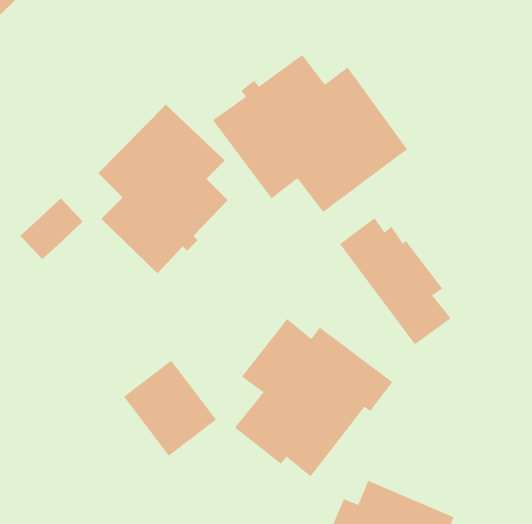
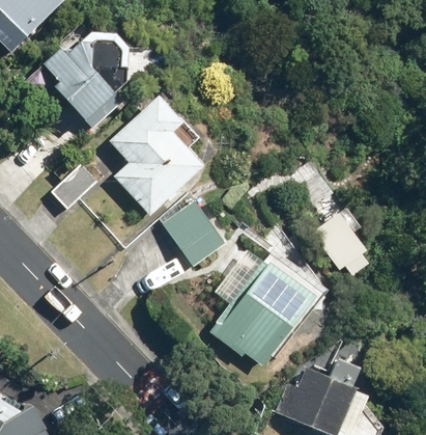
building: none -> [41,34,152,131]
building: [212,54,408,213] -> none
building: [123,360,217,457] -> [160,196,228,267]

